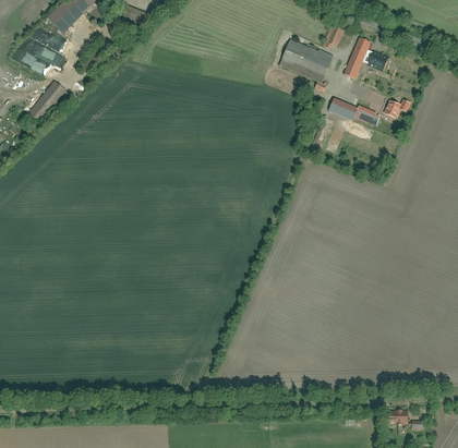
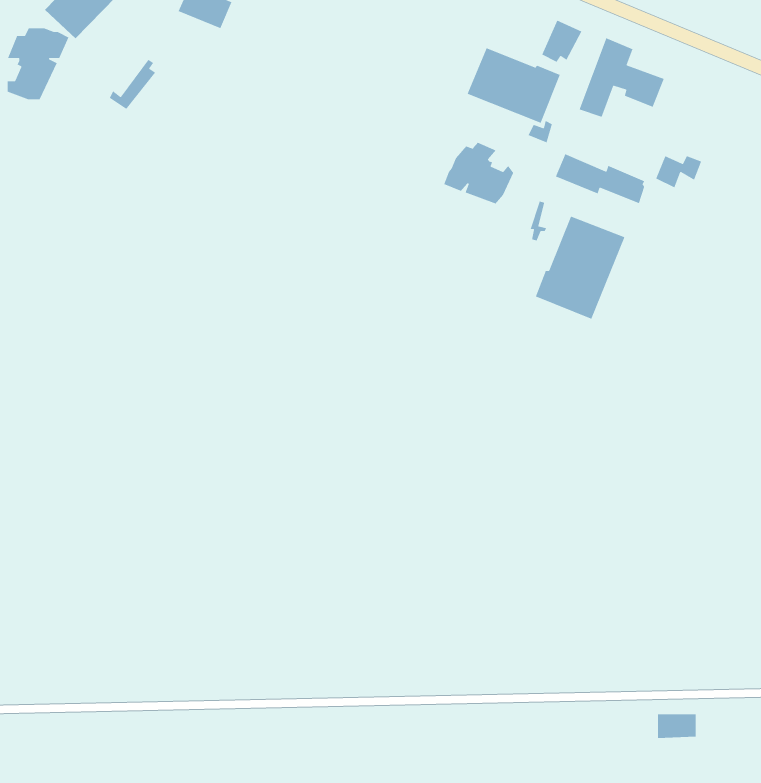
building: [26,81,68,125] -> none
building: none -> [443,142,514,205]
building: none -> [535,216,626,320]

